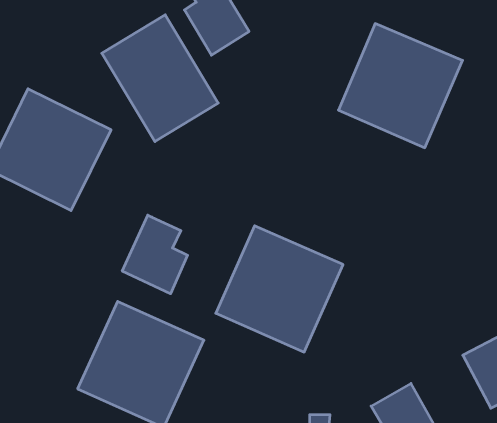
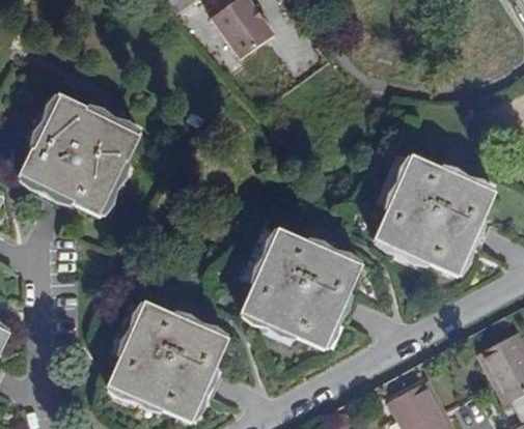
building: [102,15,218,142] -> none
building: [338,24,463,148] -> [376,155,495,275]
building: [122,215,188,294] -> none

